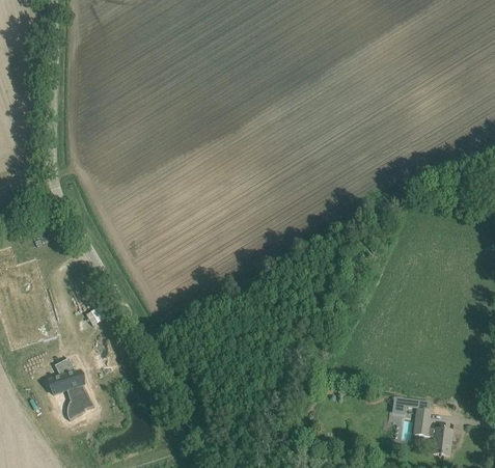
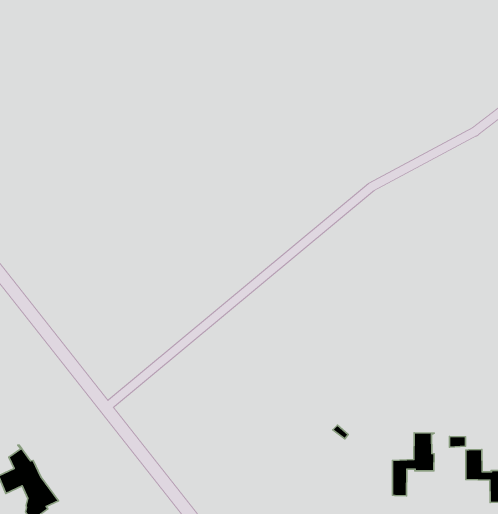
building: none -> [393,433,434,496]

